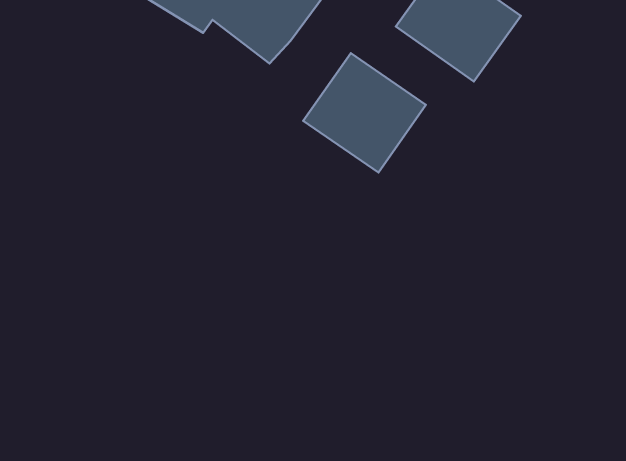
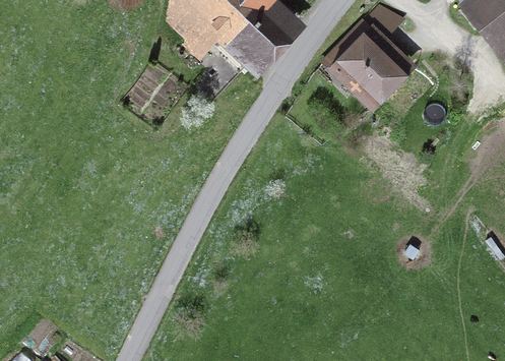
building: [303,53,426,173] -> none

